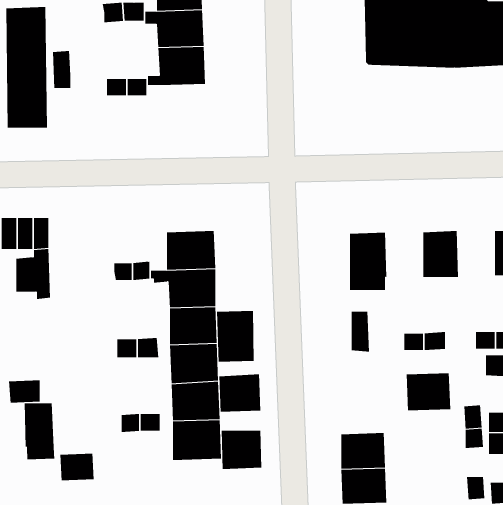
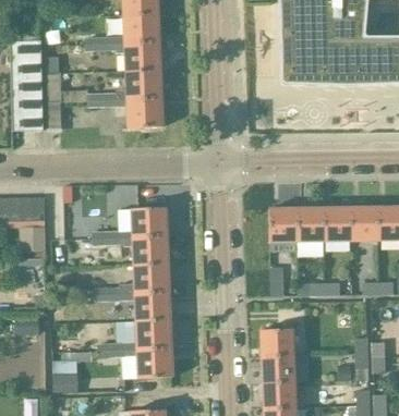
building: none -> [126,98,162,127]
building: none -> [349,207,376,242]
building: none -> [295,208,323,242]
building: [216,310,254,363] -> none
building: [406,373,451,411] -> [261,330,294,358]
building: [219,373,261,413] -> none
building: [24,403,55,460] -> none
building: [221,430,262,470] -> none

